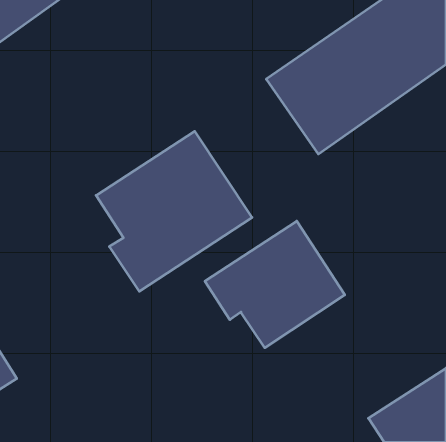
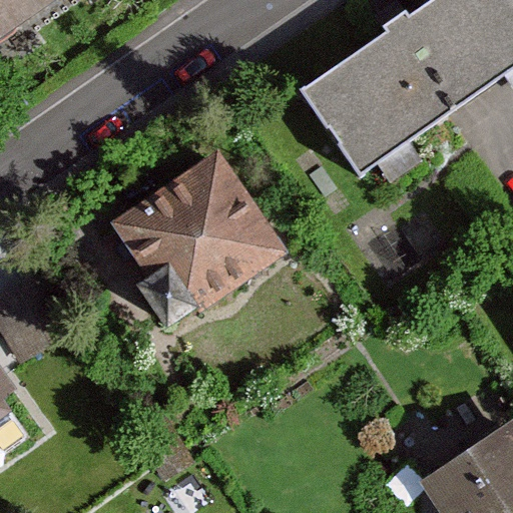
building: [205,221,345,348] -> none

